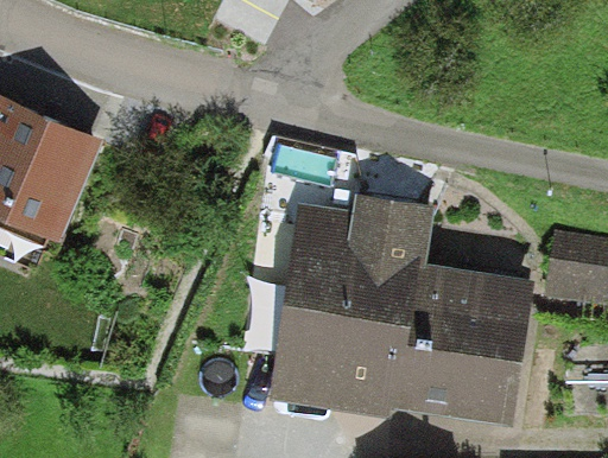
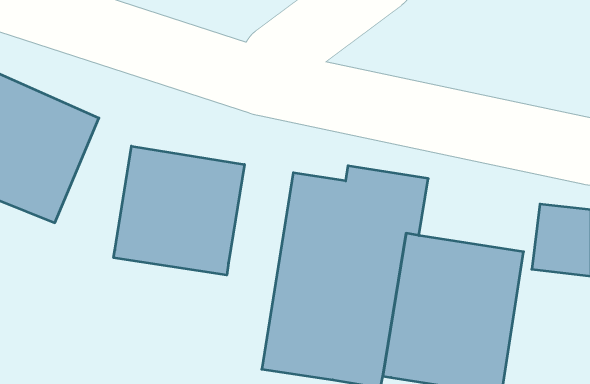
building: none -> [114,146,244,275]

